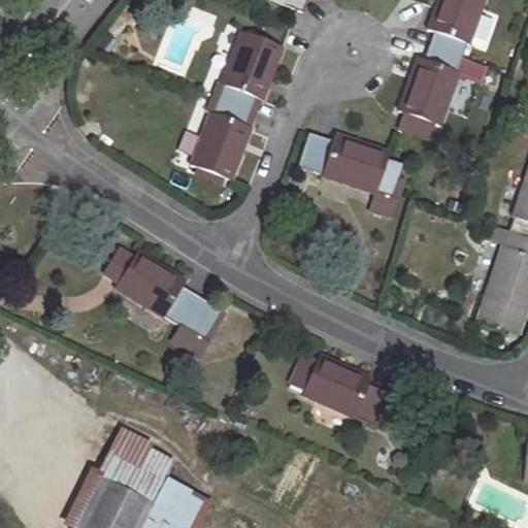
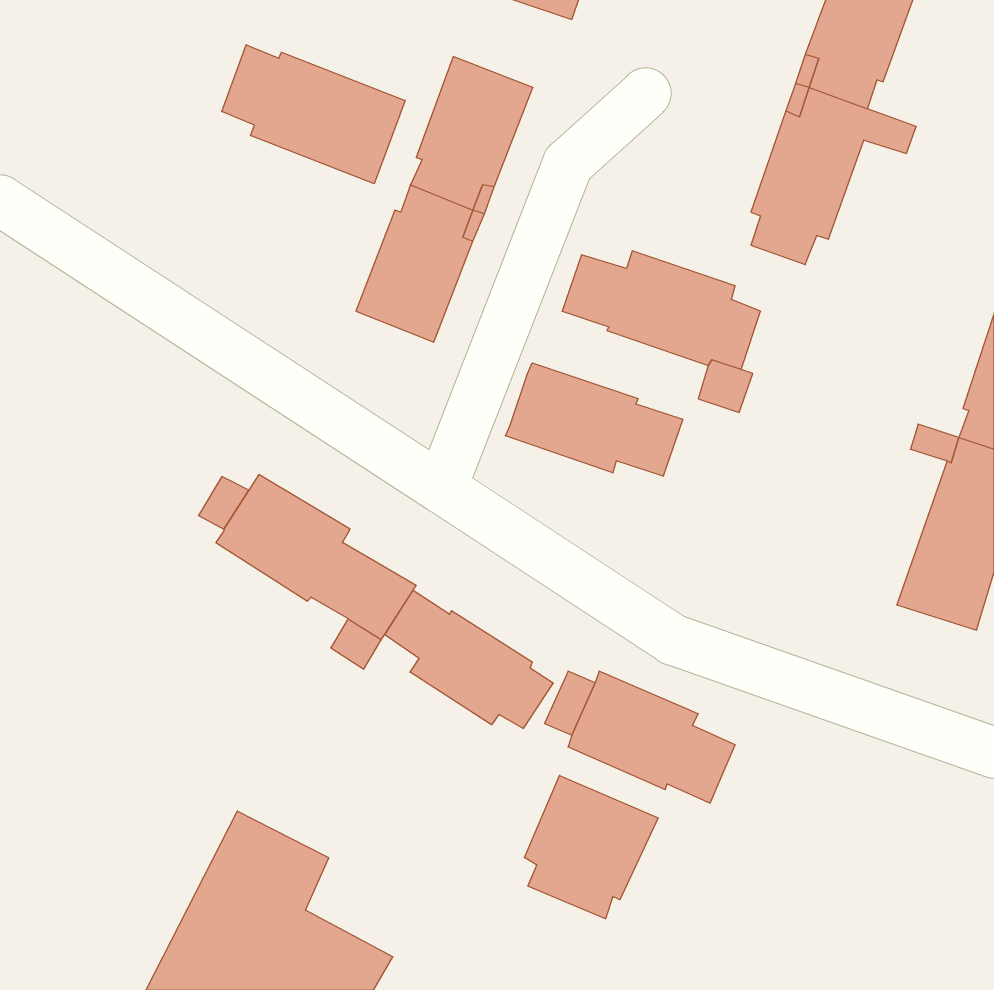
building: none -> [222,45,405,184]
building: none -> [505,363,683,476]
building: none -> [385,590,553,728]
building: none -> [524,775,658,919]

